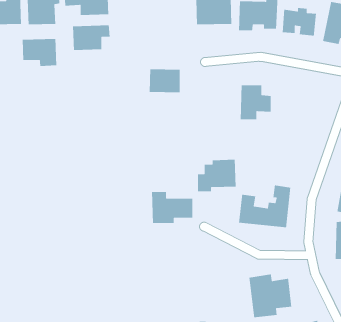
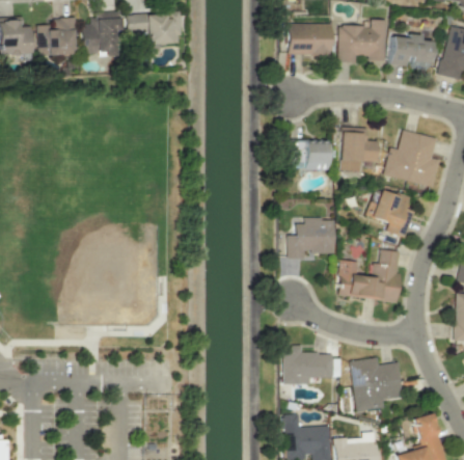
building: [72,24,111,51] -> none
building: [22,38,57,67] -> none
building: [149,68,180,93] -> [290,140,328,170]
building: none -> [384,131,439,187]
building: none -> [366,190,414,239]
building: [151,191,193,224] -> [282,345,333,384]

